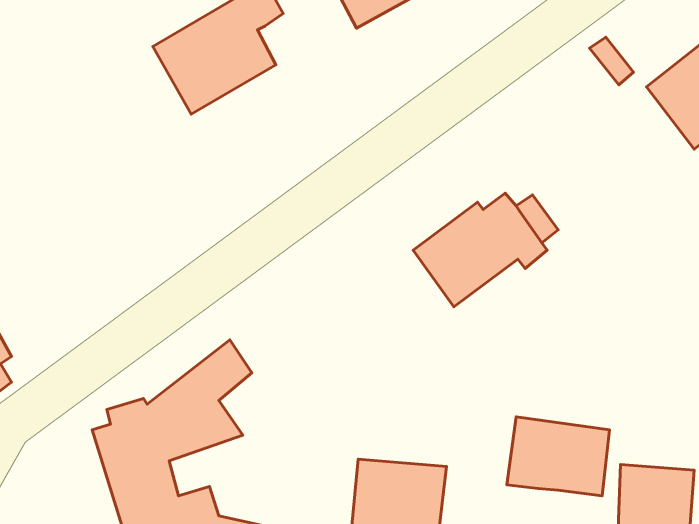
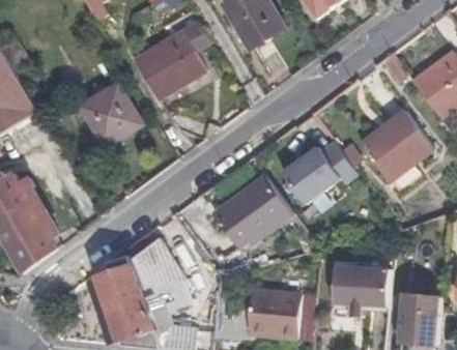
building: none -> [75,79,135,140]
building: none -> [360,108,432,179]
building: none -> [211,176,291,247]

